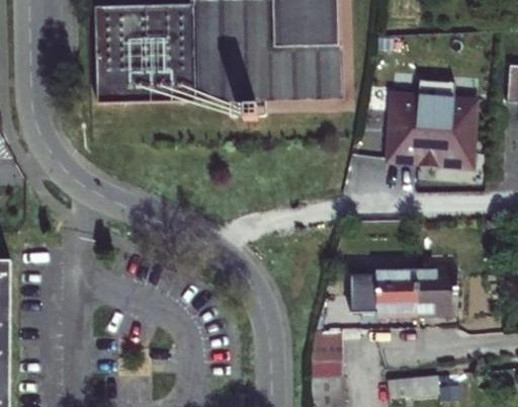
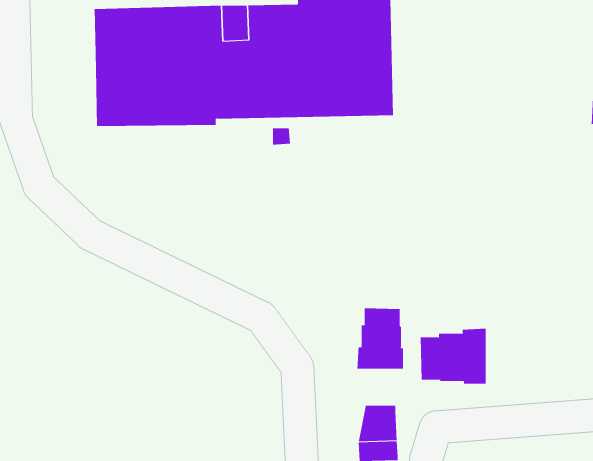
building: [381,82,469,168] -> none
building: none -> [357,307,403,369]
building: [415,269,455,315] -> none

